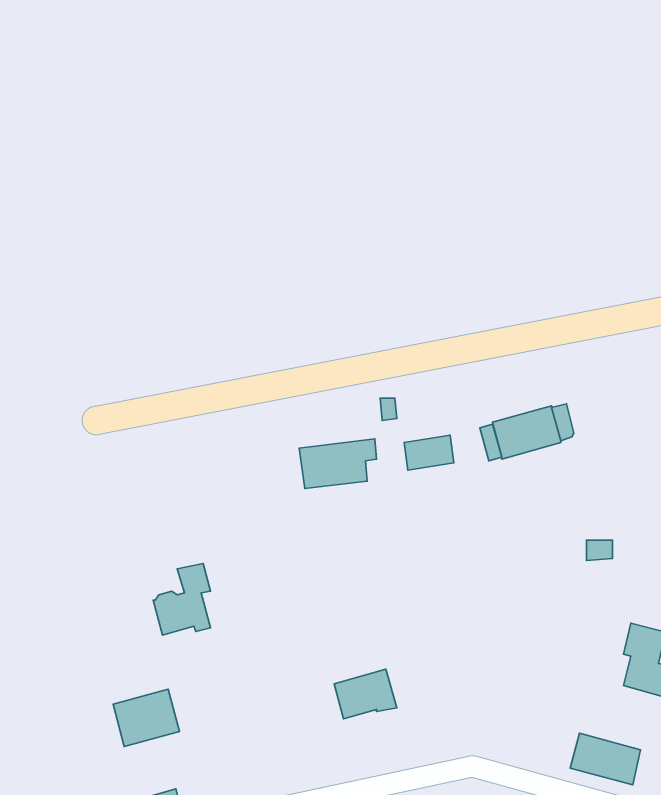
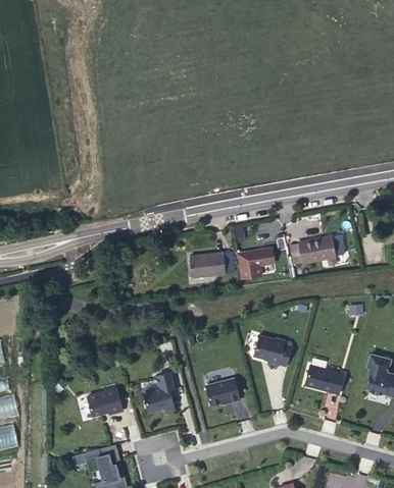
building: [153,563,210,635] -> [144,373,176,413]
building: none -> [255,335,291,366]
building: [570,733,640,785] -> [304,365,343,393]

